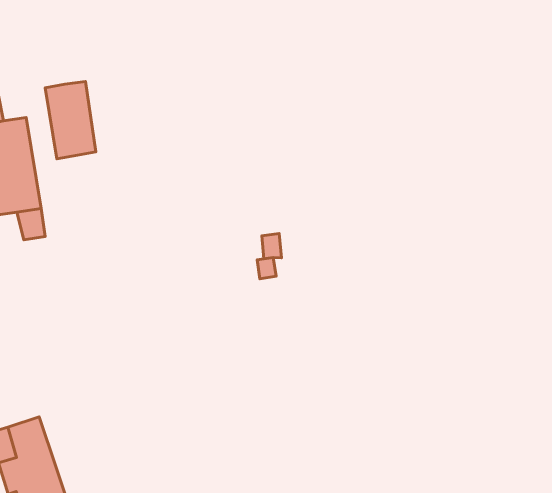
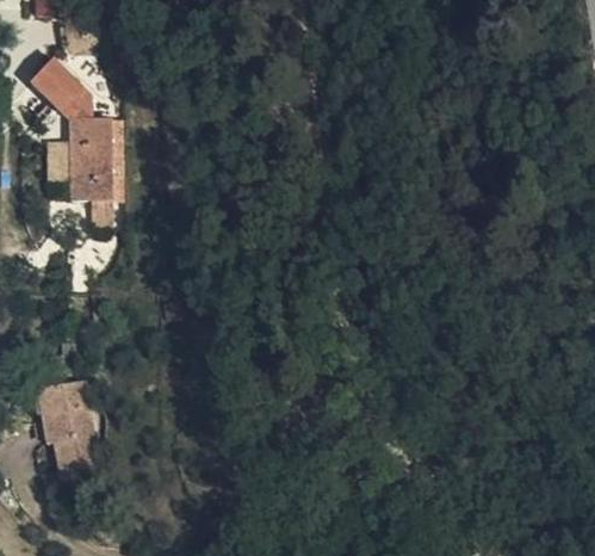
building: [45,82,96,159] -> none

